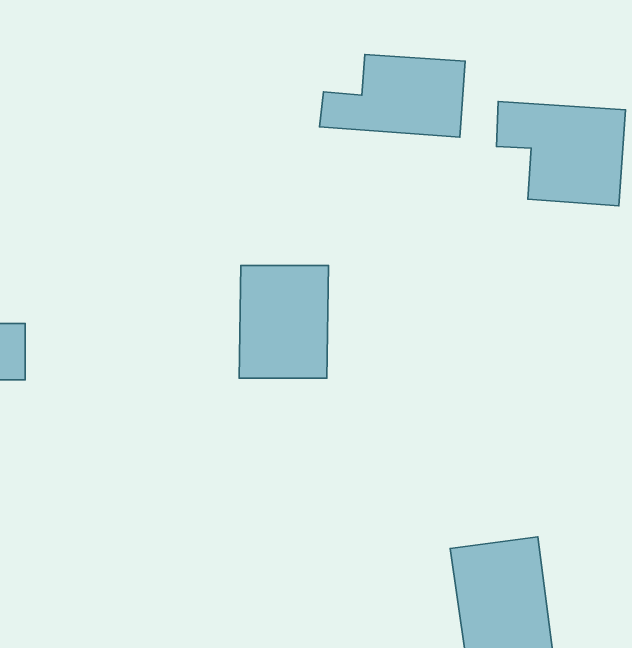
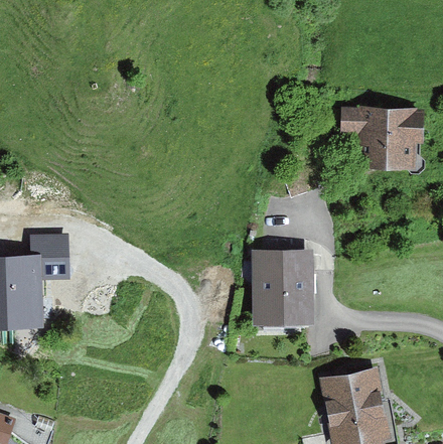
building: [320,55,465,137] -> none
building: [239,266,328,378] -> [257,257,311,325]

